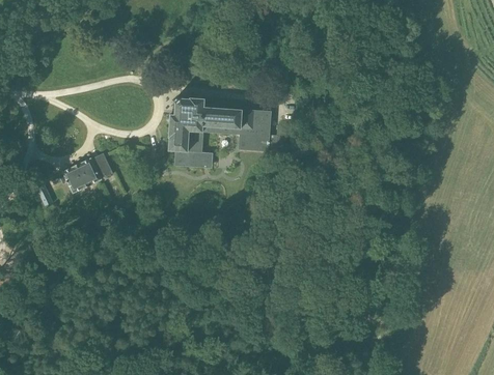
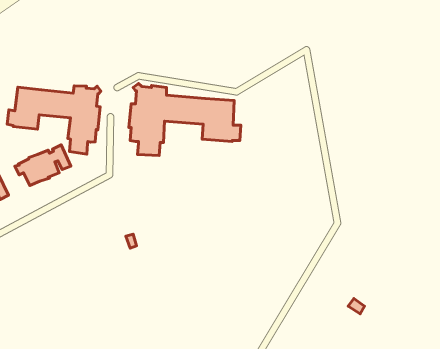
building: none -> [7,86,101,154]

